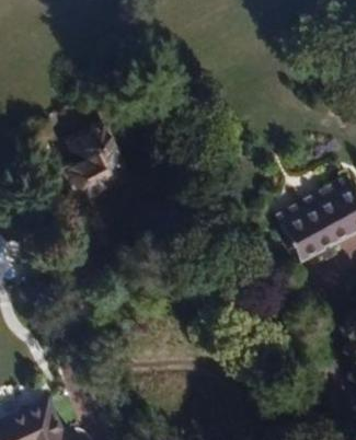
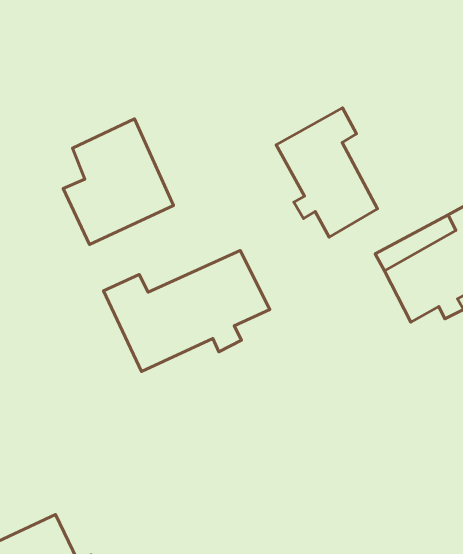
building: none -> [276,108,378,237]
building: none -> [103,250,270,372]

